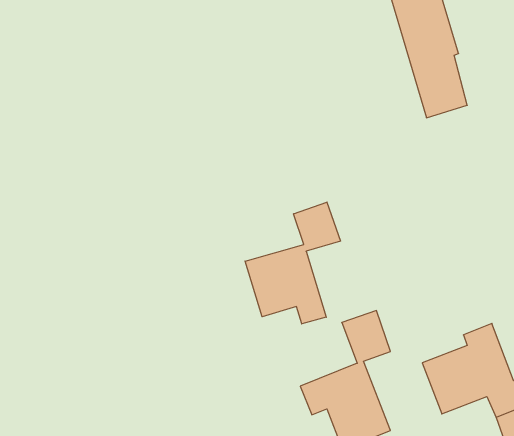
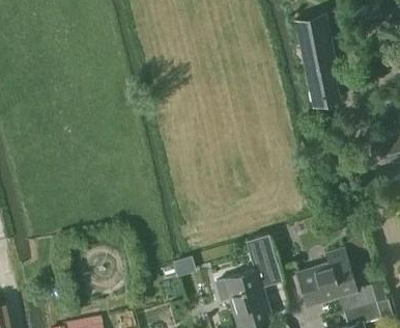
building: [245,202,340,324] -> none

